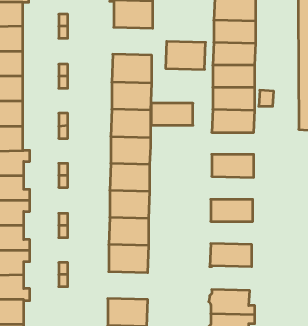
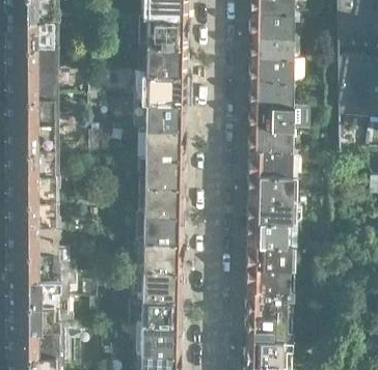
building: [166,41,206,69] -> [146,48,188,77]
building: [151,103,193,125] -> [249,156,293,179]
building: none -> [248,202,293,226]
building: none -> [248,249,301,273]
building: none -> [247,294,295,320]
building: none -> [141,301,183,330]

